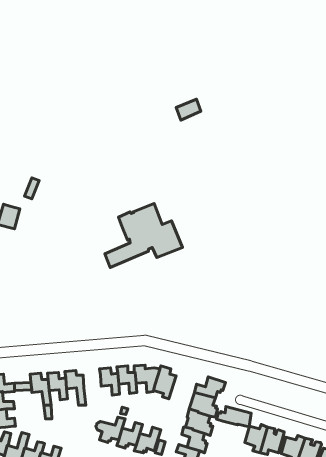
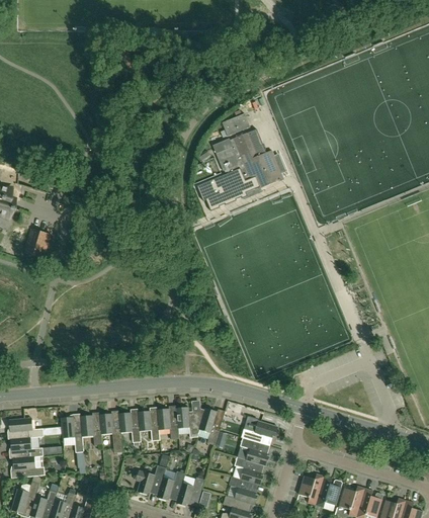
building: [105,204,182,267] -> [197,131,283,201]
building: none -> [118,412,141,442]
building: [217,407,251,427] -> none

